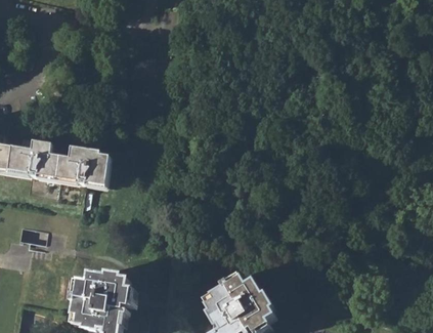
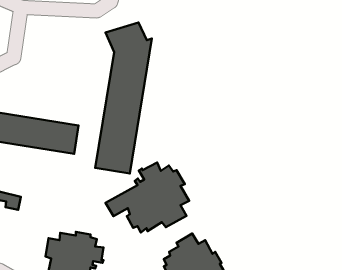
building: none -> [95,22,152,173]
building: none -> [105,163,189,233]

